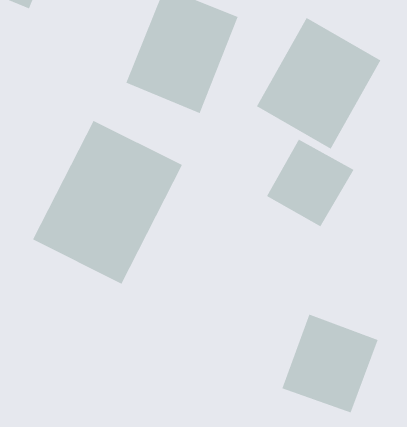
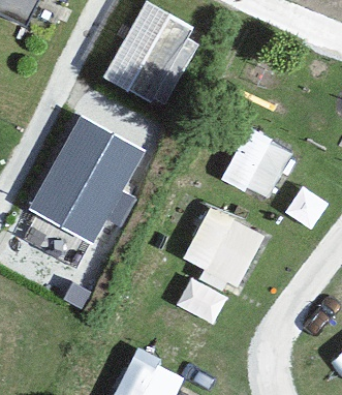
building: [256,17,381,150] -> none
building: [281,314,379,413] -> [183,206,263,288]

